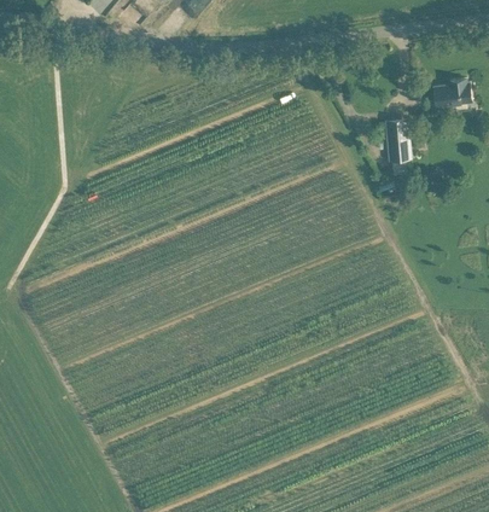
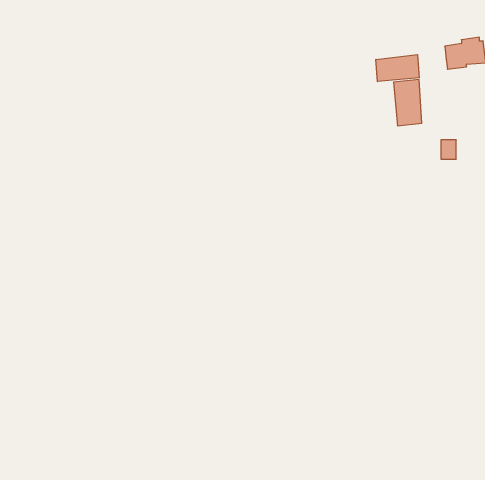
building: none -> [376,55,419,82]

